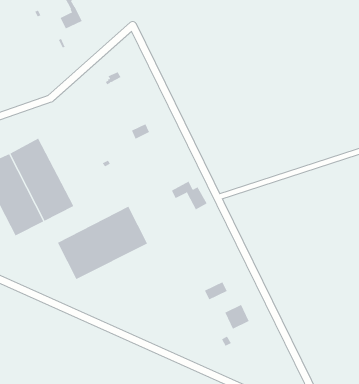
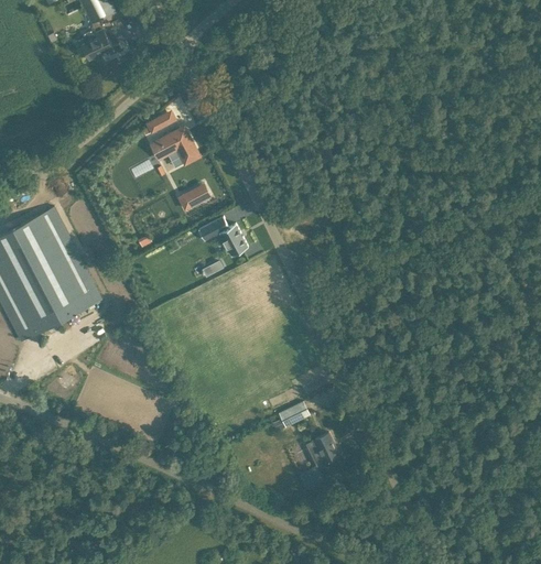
building: none -> [151,129,201,164]
building: [171,181,208,210] -> [198,217,248,257]
building: [57,206,148,280] -> none

